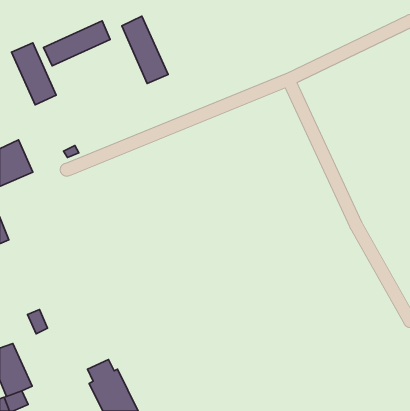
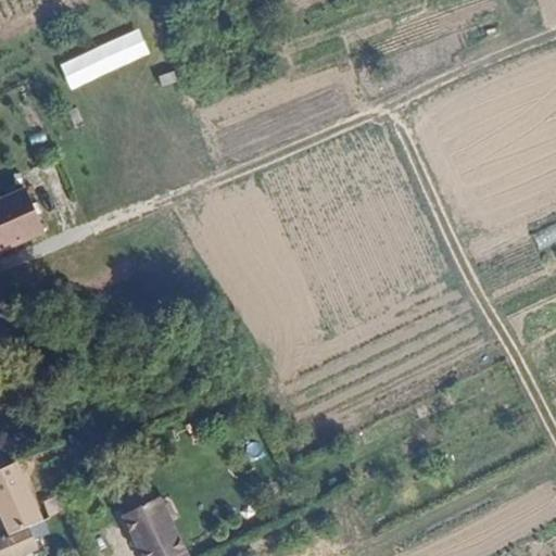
building: [122,16,168,83] -> none
building: [12,43,56,105] -> none

